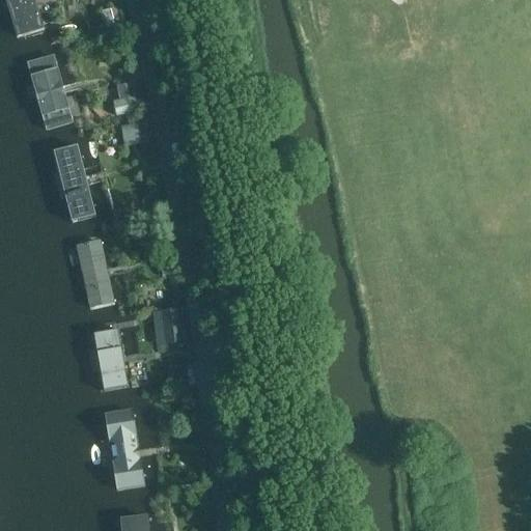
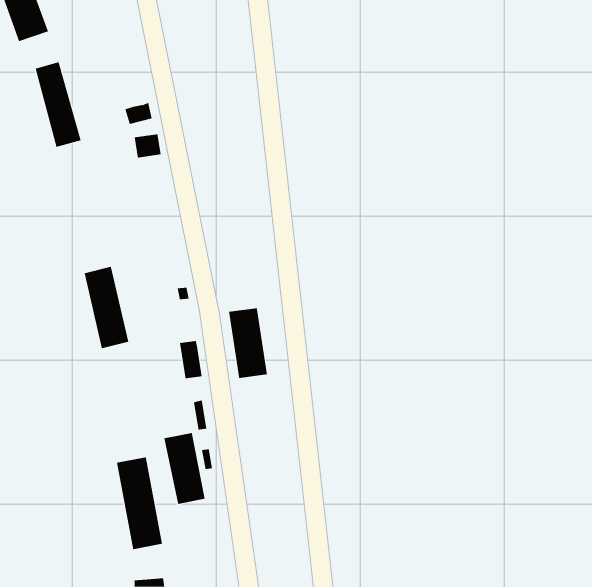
building: [55,145,94,218] -> none
building: none -> [229,307,268,379]
building: [90,328,128,392] -> [164,432,205,504]

